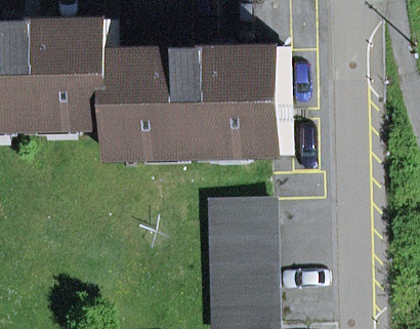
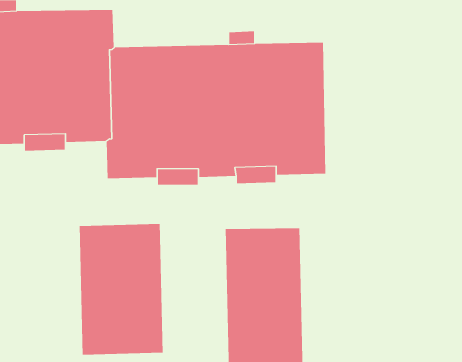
building: none -> [79,223,163,356]

